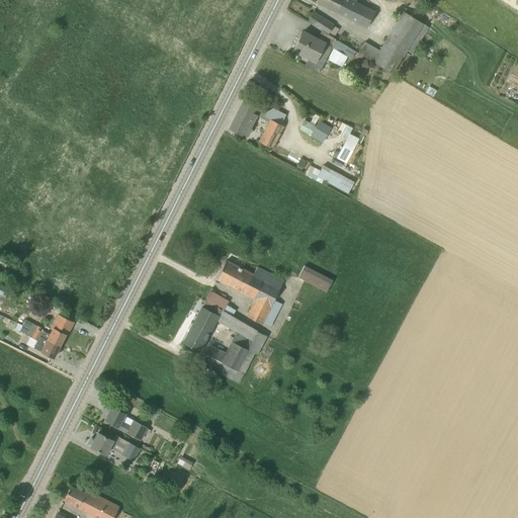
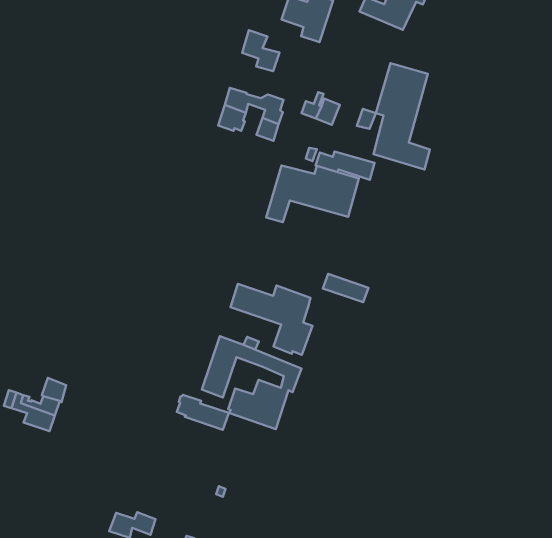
building: none -> [242,30,280,71]
building: none -> [374,63,430,170]
building: none -> [266,166,359,222]
building: [104,407,147,440] -> [177,395,229,430]

